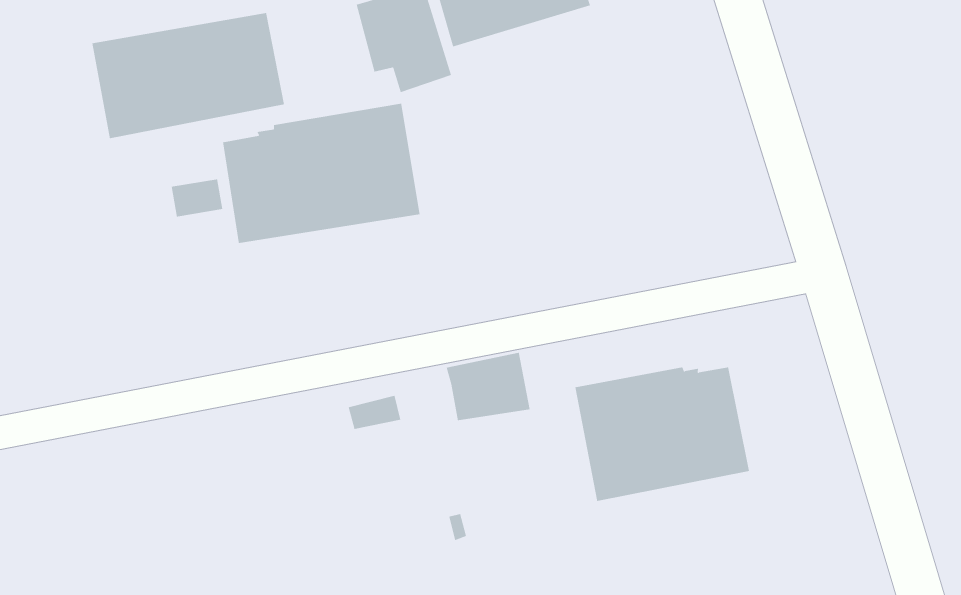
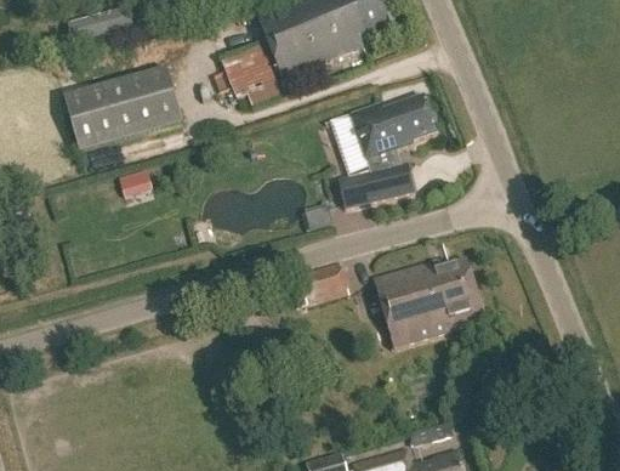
building: none -> [337,93,436,205]
building: [222,103,420,244] -> none

